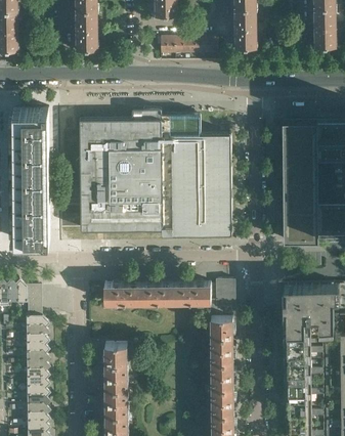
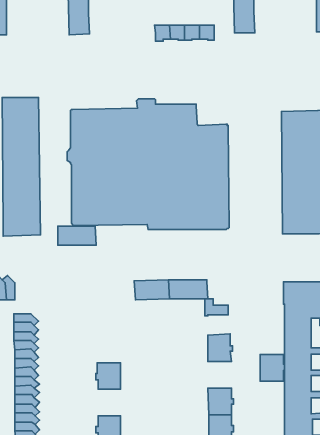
building: [216,281,234,309] -> none
building: [104,286,141,304] -> [58,226,96,245]
building: [211,318,232,338] -> none
building: [104,346,127,364] -> none
building: [211,363,234,389] -> [260,354,285,381]
building: [103,390,127,416] -> none

